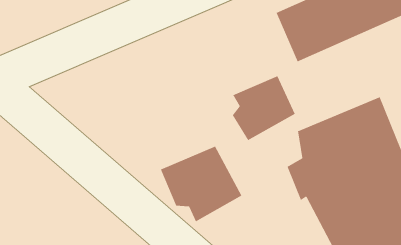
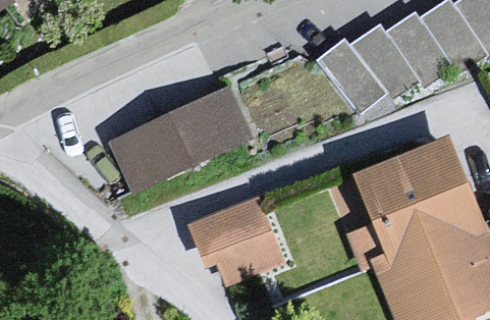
building: none -> [106,85,259,199]
building: [232,75,296,141] -> none

